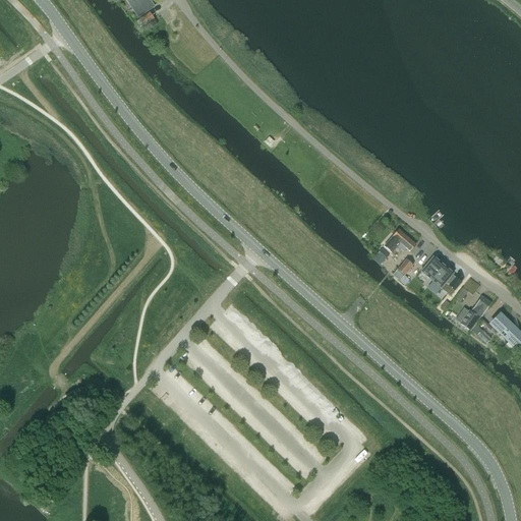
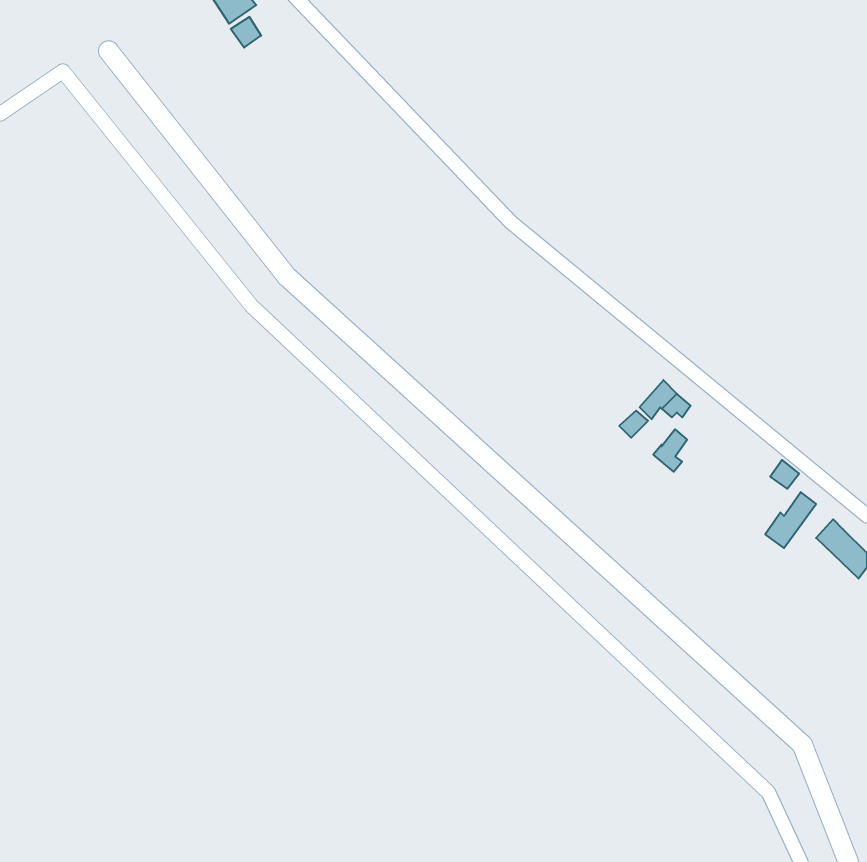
building: [420,255,461,288] -> none

